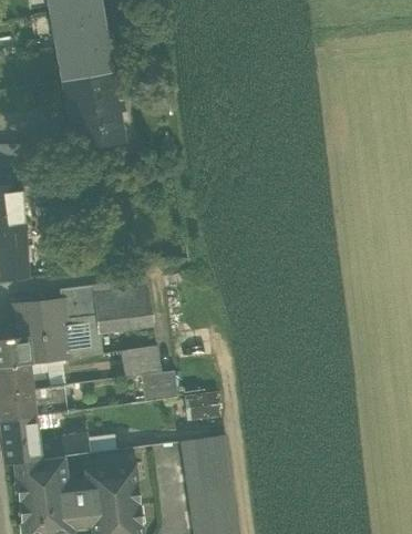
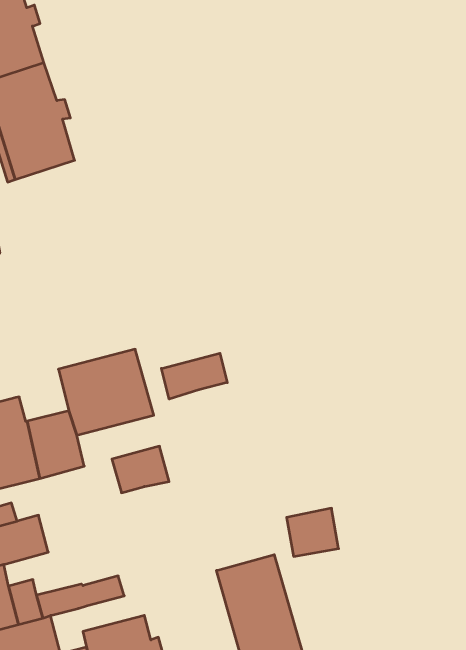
building: [59,285,95,318] -> none
building: none -> [161,353,227,399]
building: [141,371,177,401] -> none
building: [184,388,217,418] -> [287,508,339,556]

